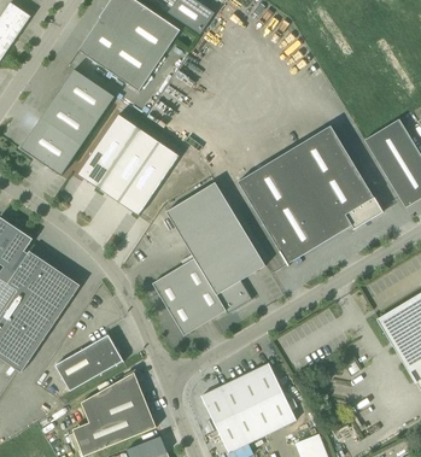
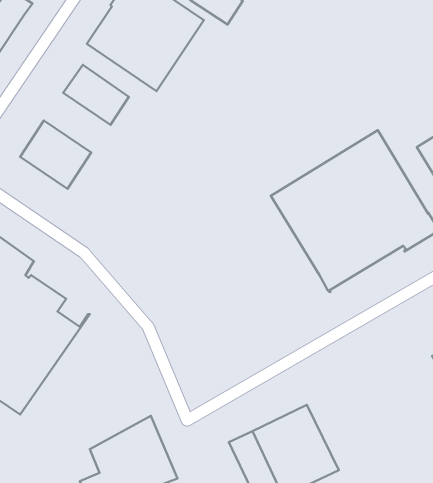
building: [41,92,99,143] -> none
building: [77,112,180,215] -> none
building: [153,181,265,334] -> none
building: [55,333,124,389] -> none

